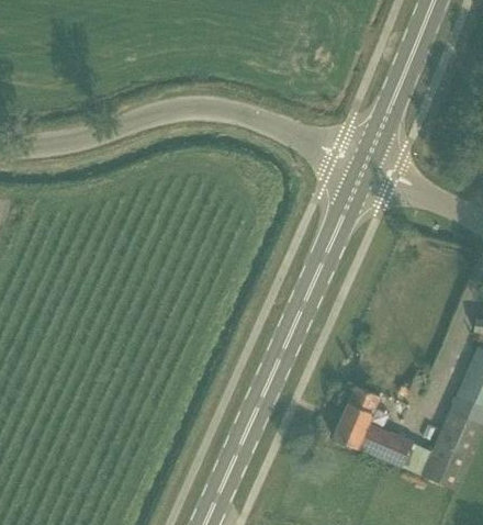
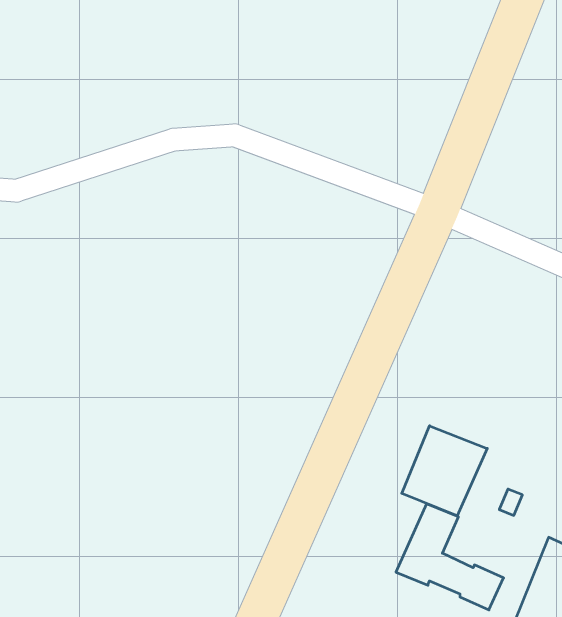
building: none -> [402,426,487,516]

